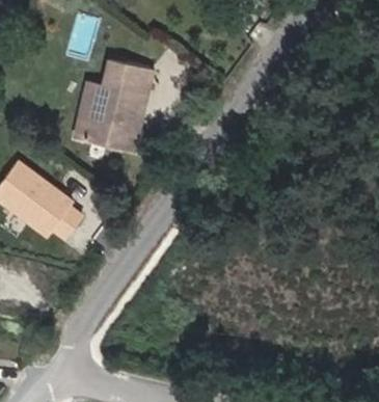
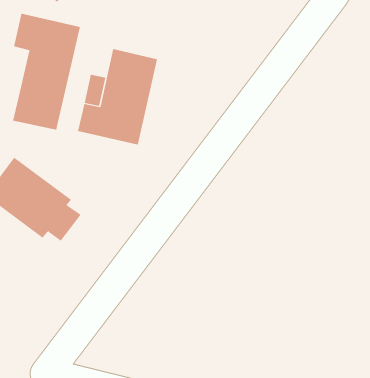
building: none -> [13,13,81,131]

